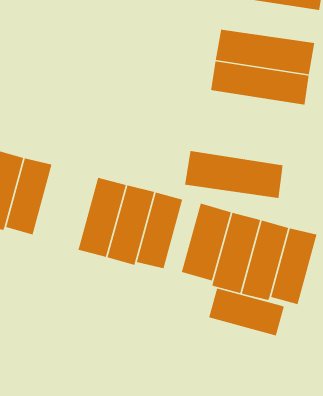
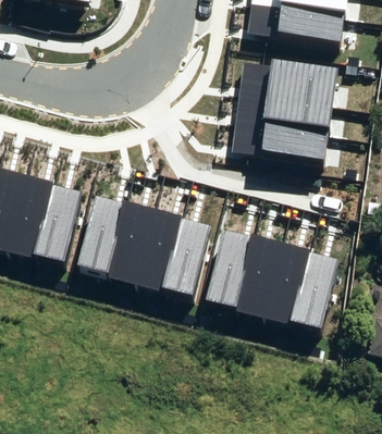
building: [184,150,284,199] -> [231,120,326,166]
building: none -> [77,194,126,270]
building: [208,288,285,337] -> none

